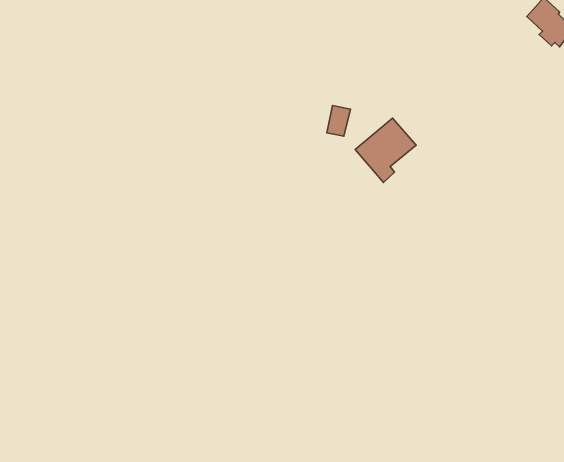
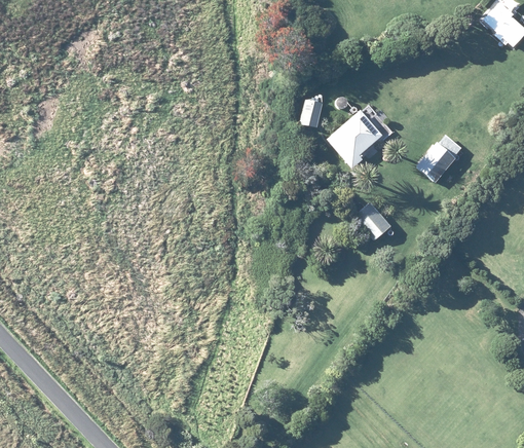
building: none -> [417,134,461,181]
building: none -> [354,202,391,240]

